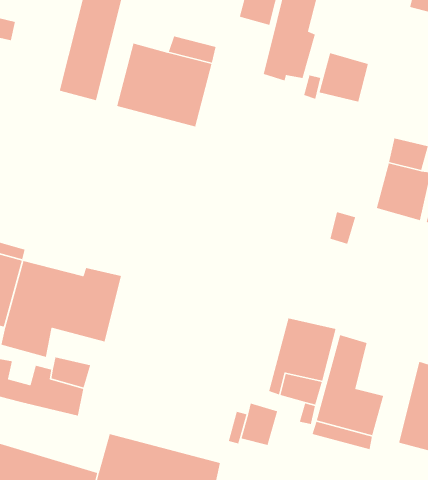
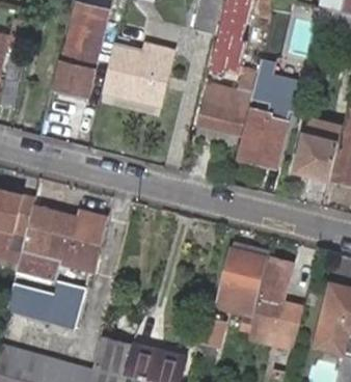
building: none -> [198,93,245,145]
building: none -> [239,103,289,167]

